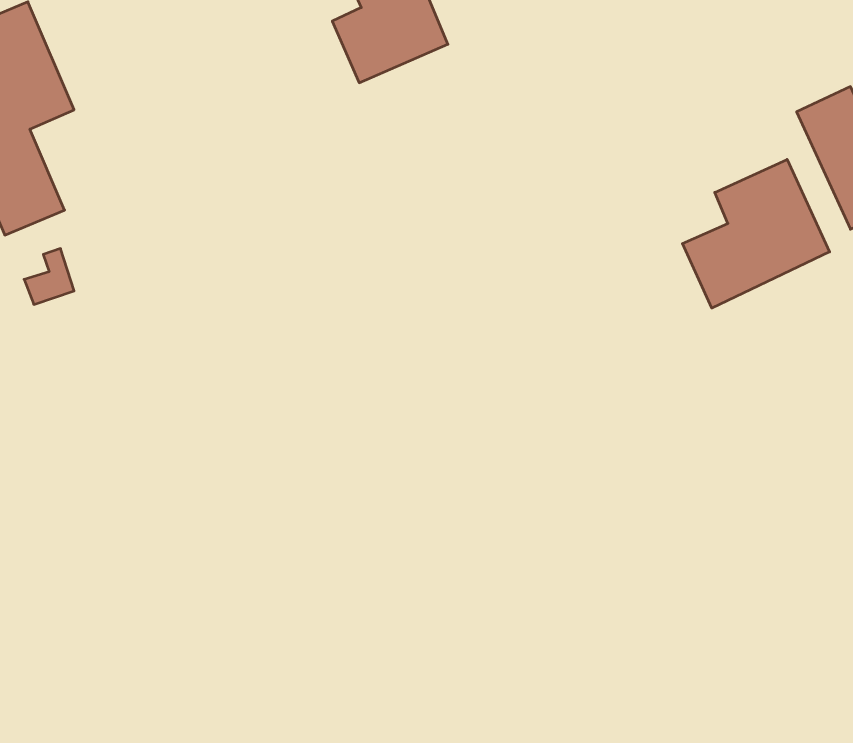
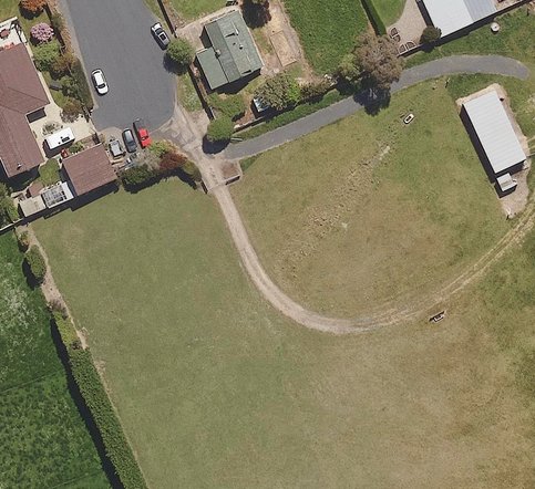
building: [682,159,830,308] -> none
building: none -> [63,144,115,193]

